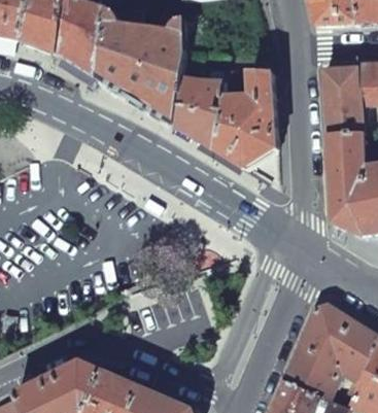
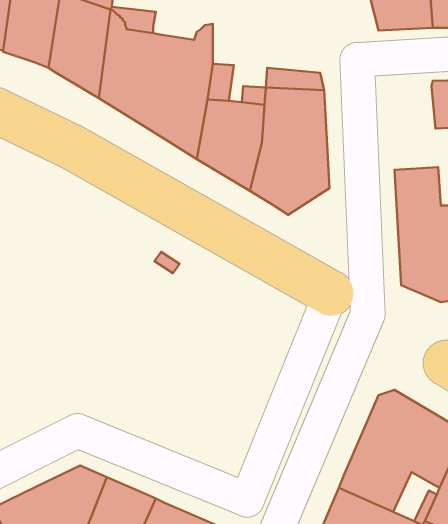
building: [322,68,359,133] -> none

